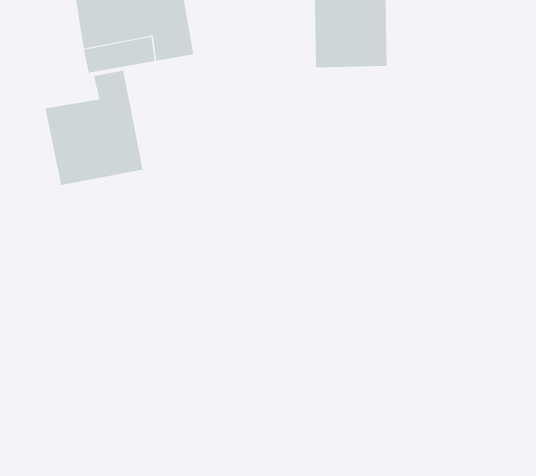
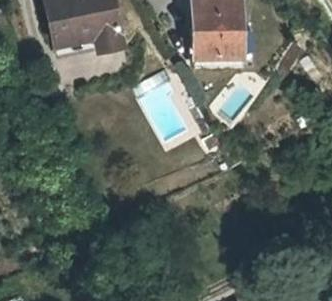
building: [45,70,143,186] -> none

